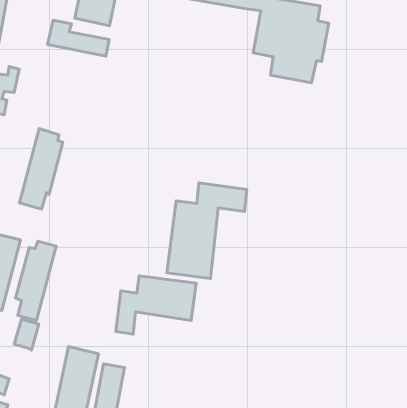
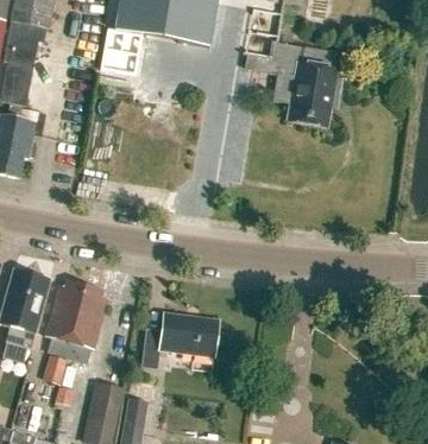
building: [48,20,109,56] -> none
building: [19,129,63,209] -> [64,283,106,360]
building: [167,183,247,279] -> none

